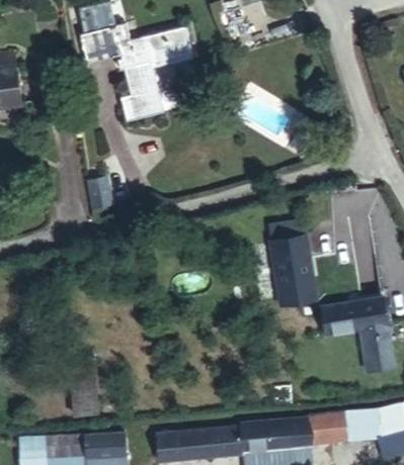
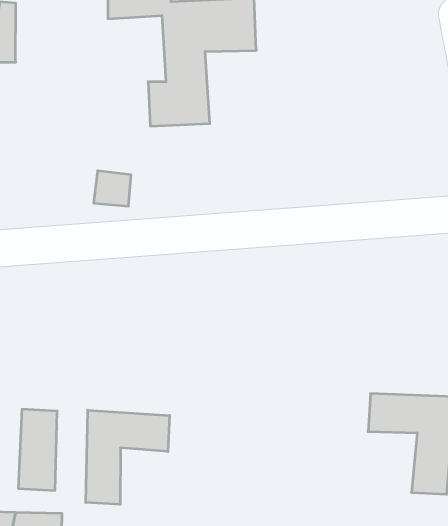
building: [275,231,318,301] -> none
building: none -> [86,410,170,504]

